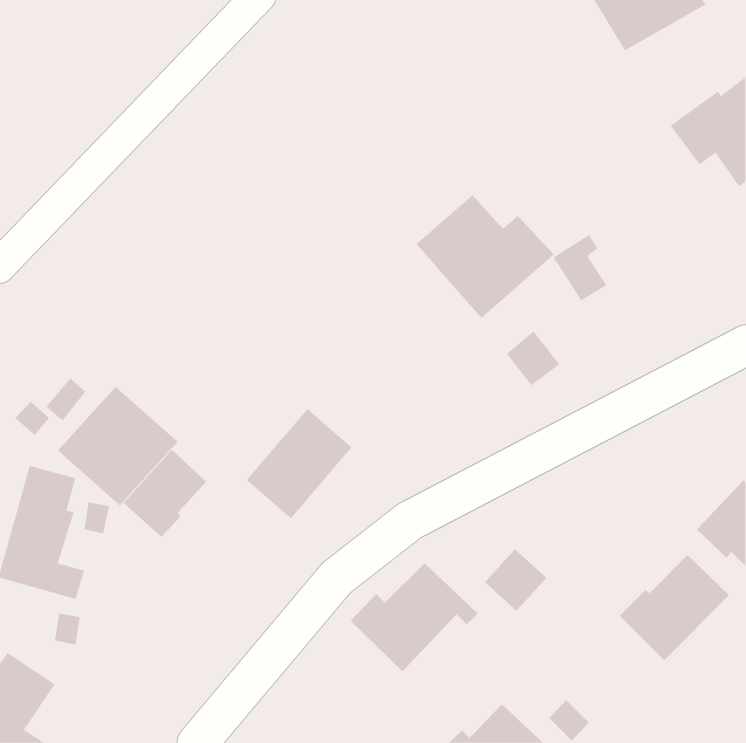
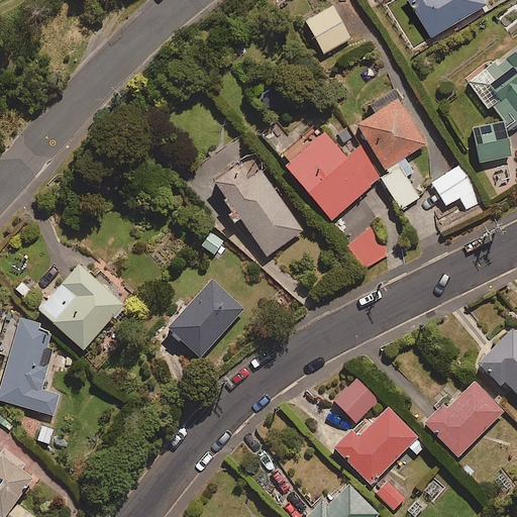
building: none -> [305,5,350,53]
building: none -> [358,91,426,169]
building: none -> [474,122,510,162]
building: none -> [215,157,303,255]
building: none -> [432,165,479,206]
building: [123,449,207,538] -> none
building: [350,562,479,672] -> [334,407,423,483]

